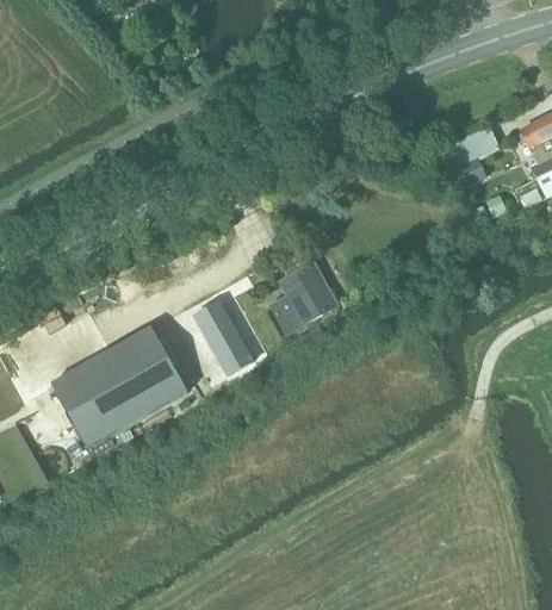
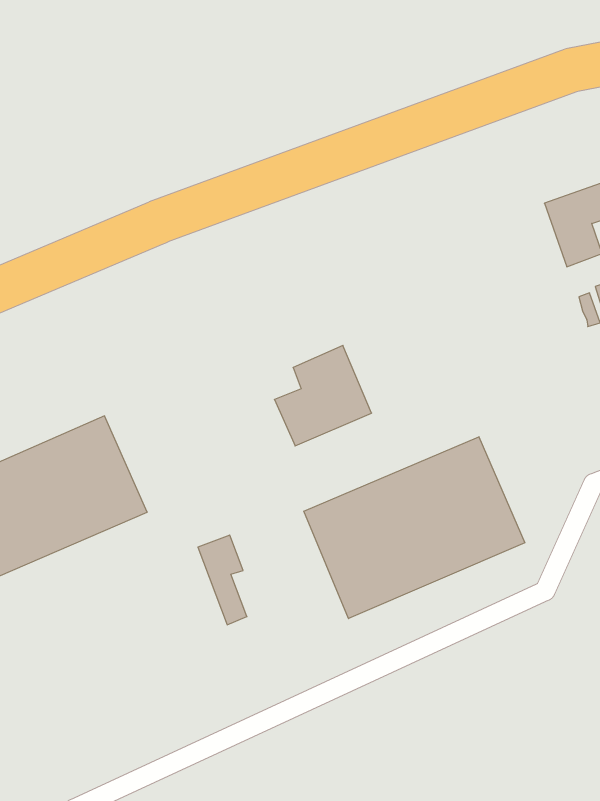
building: [209,305,248,368] -> [198,535,247,625]
building: none -> [304,437,525,619]

